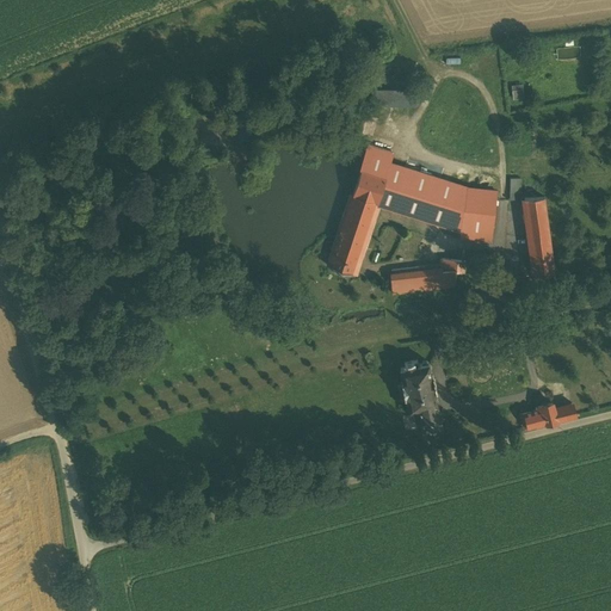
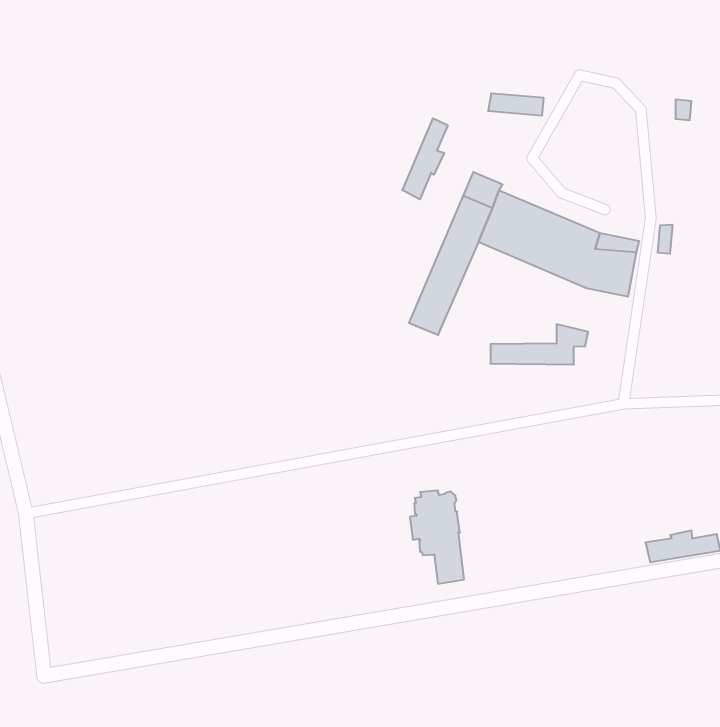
building: none -> [402,118,448,199]
building: [524,198,555,276] -> none
building: [397,362,442,431] -> [410,490,464,584]

